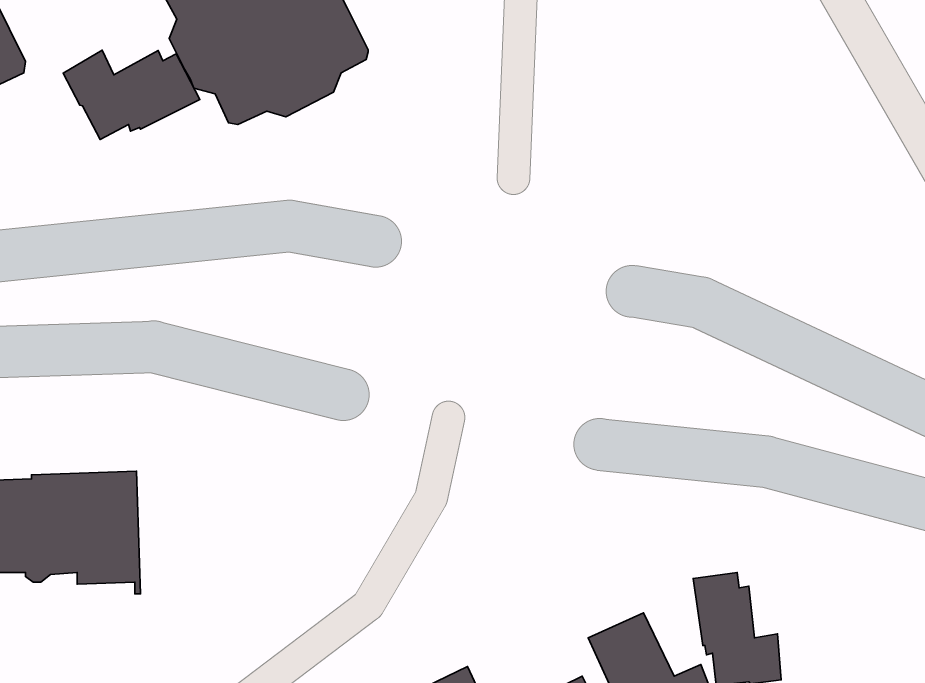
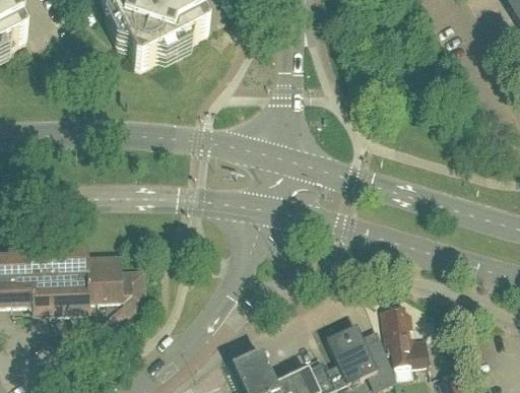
building: [63,50,200,140] -> none
building: none -> [84,250,144,344]

